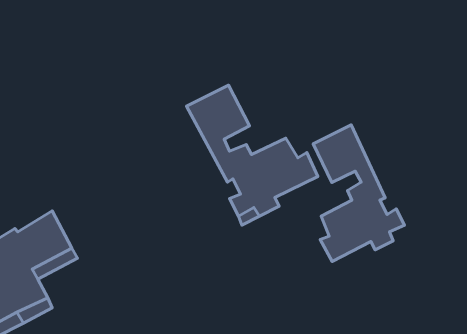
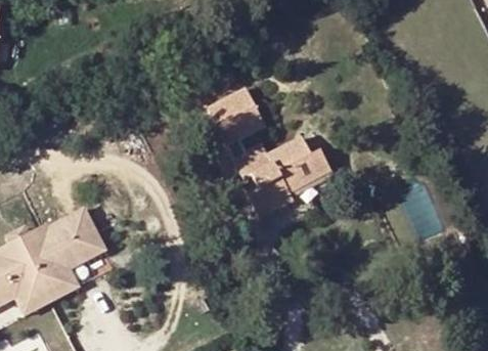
building: [313,125,404,261] -> none

